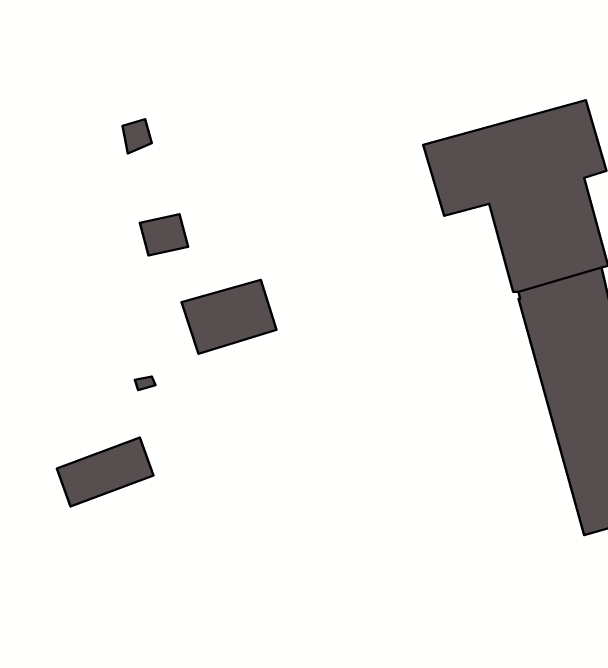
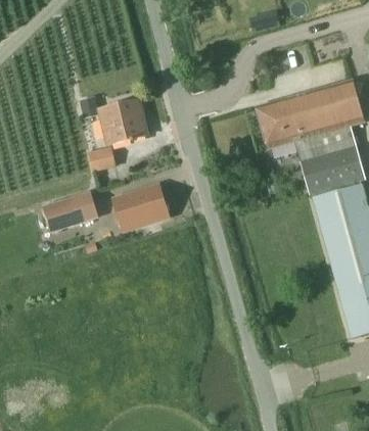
building: none -> [98,99,149,145]
building: [57,437,154,507] -> [41,193,98,234]

